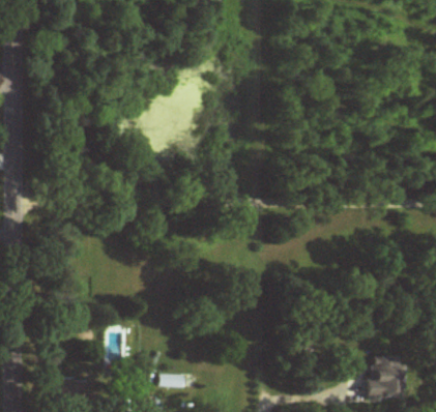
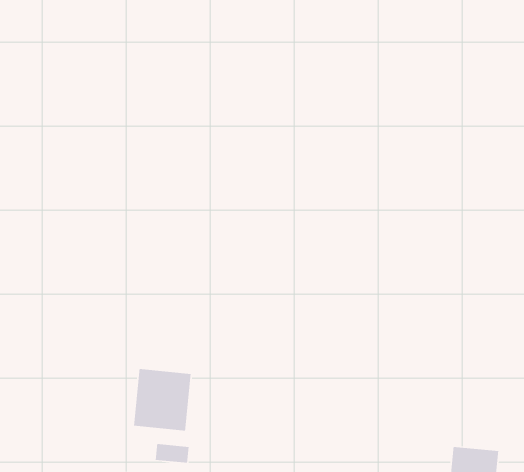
building: none -> [133,368,192,431]

